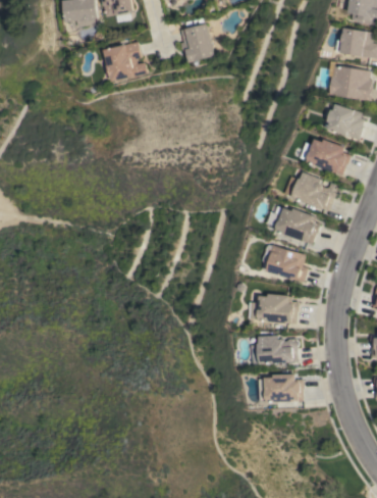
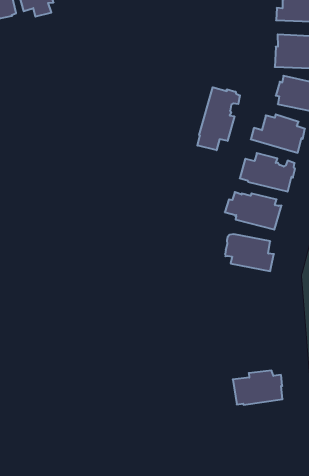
building: [178,23,213,63] -> none
building: [103,42,146,82] -> none
building: none -> [197,87,240,150]
building: [250,294,299,325] -> none
building: [251,336,298,364] -> none

